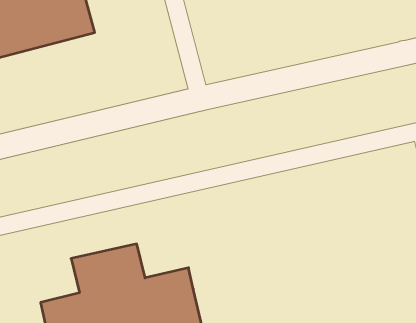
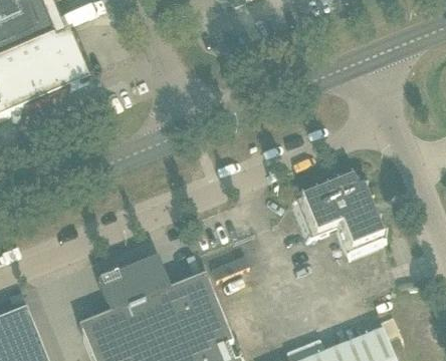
building: none -> [290,171,387,255]

